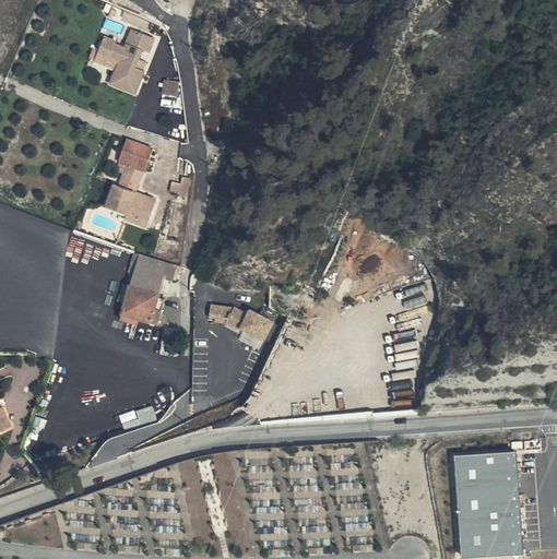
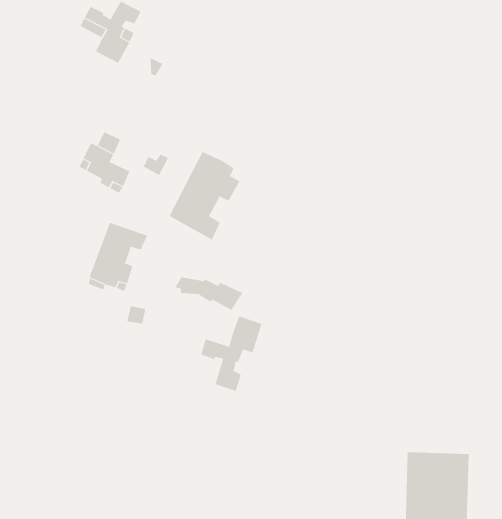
building: [117,141,151,170] -> none
building: none -> [169,151,240,241]
building: none -> [201,315,262,392]

